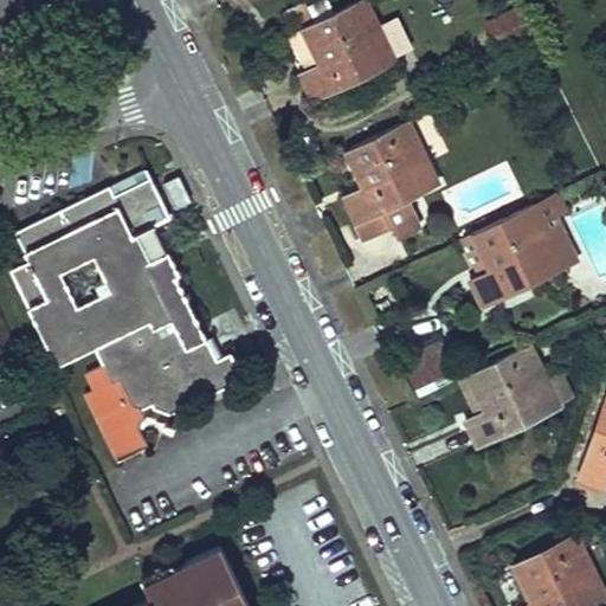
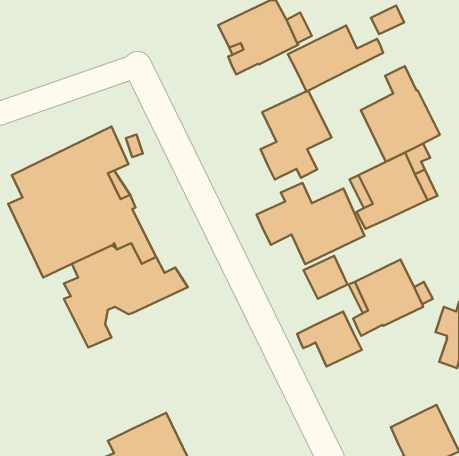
building: none -> [288,25,383,91]
building: none -> [361,66,440,162]
building: none -> [257,183,365,264]
building: none -> [297,311,362,366]

